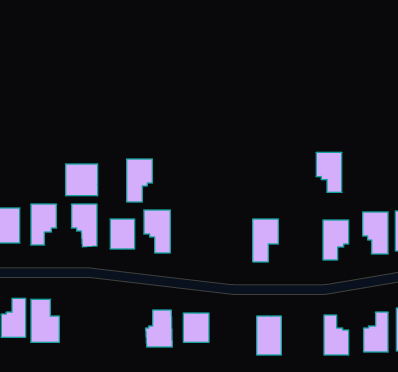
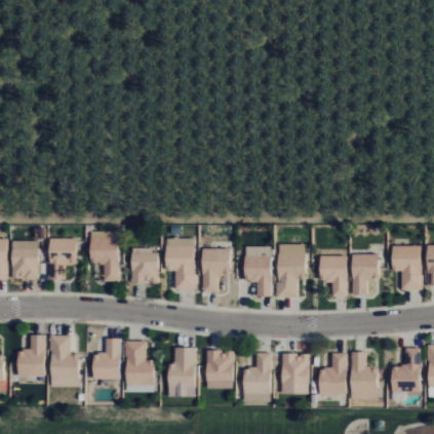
building: [316,153,342,192] -> [321,257,348,298]
building: [127,159,152,202] -> [202,249,229,293]
building: [66,164,97,196] -> none
building: none -> [244,254,271,299]
building: none -> [94,339,120,379]
building: none -> [125,342,155,386]
building: none -> [244,353,271,393]
building: none -> [321,354,347,394]

